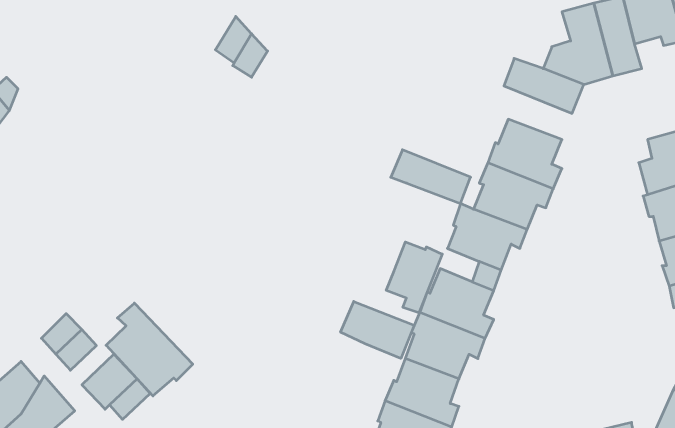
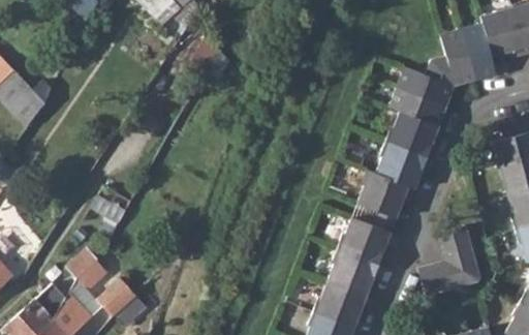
building: [391,150,471,203] -> [390,87,446,125]
building: [386,242,442,313] -> none
building: none -> [418,225,480,296]
building: [341,301,414,358] -> none
building: [106,303,193,396] -> none

